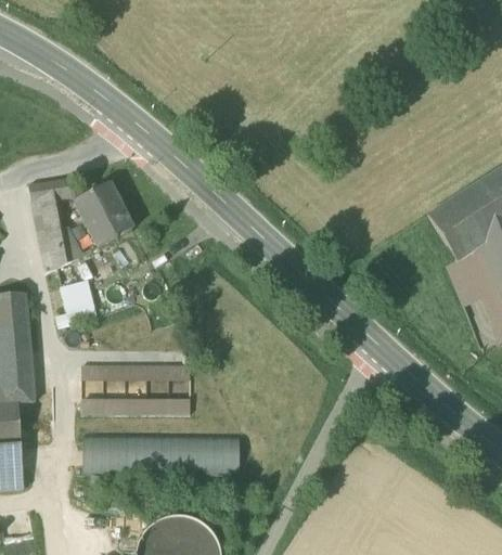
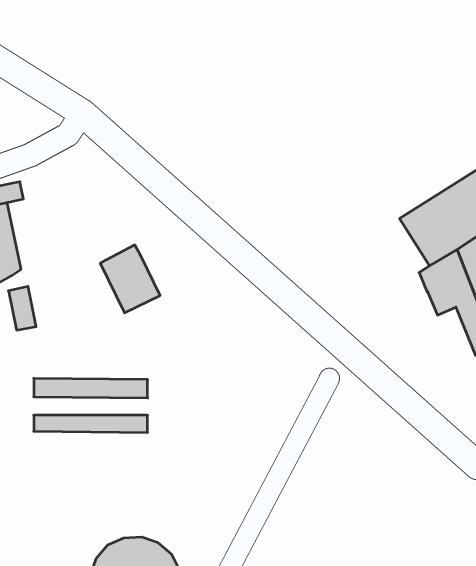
building: [74,184,130,248] -> [100,245,160,313]
building: [83,433,239,476] -> none

